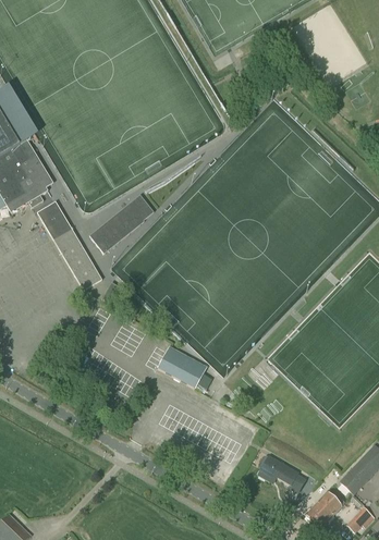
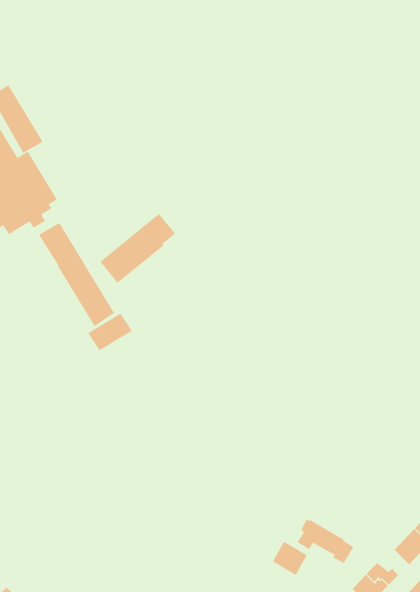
building: none -> [88,313,133,351]
building: [157,346,206,388] -> none
building: none -> [272,541,308,576]

